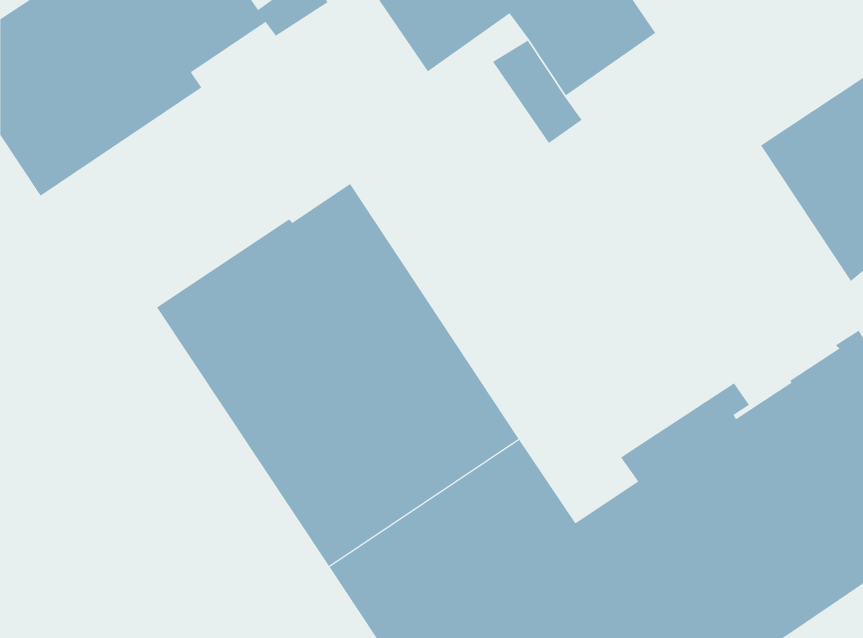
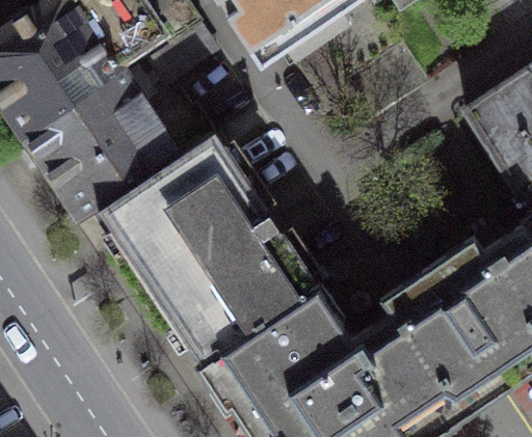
building: none -> [25,71,177,216]

